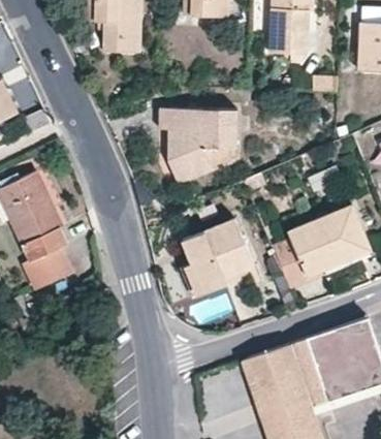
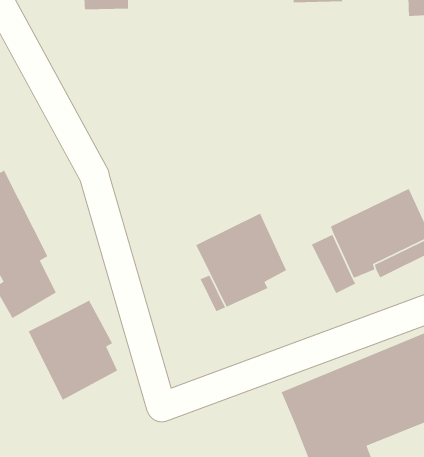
building: [158,108,236,183] -> none
building: none -> [27,300,118,401]

